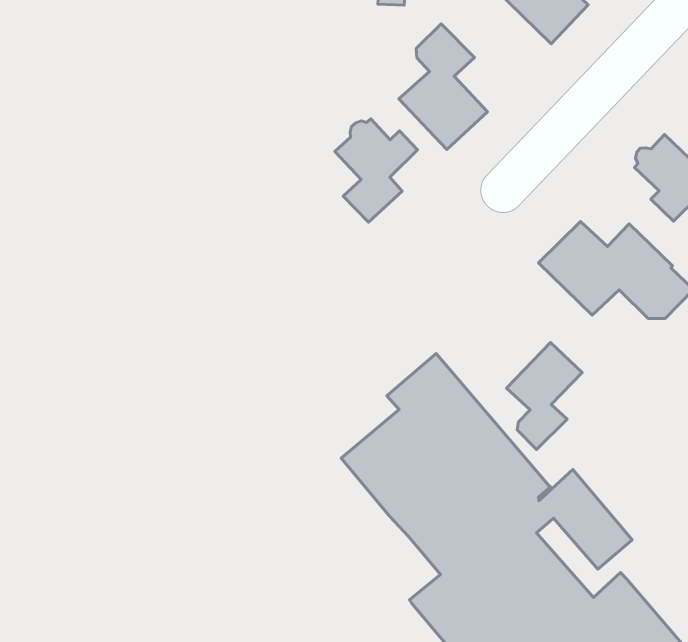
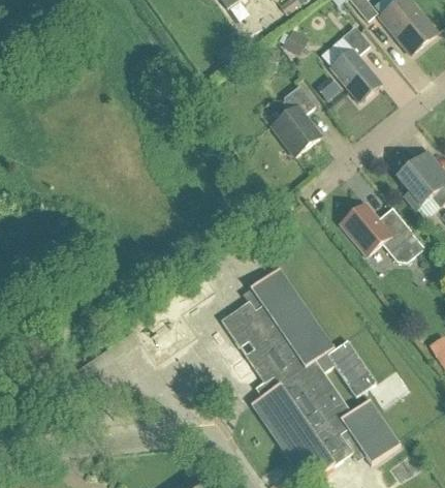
building: [335,119,418,222] -> none
building: [506,343,582,450] -> none

